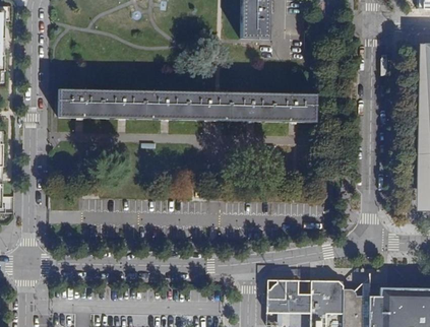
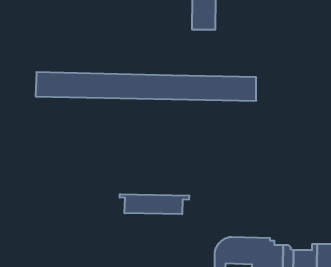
building: none -> [120,194,189,214]

